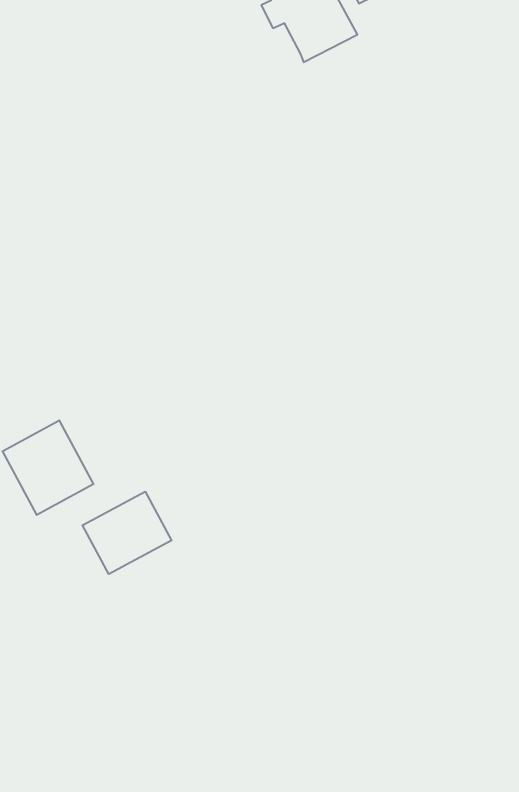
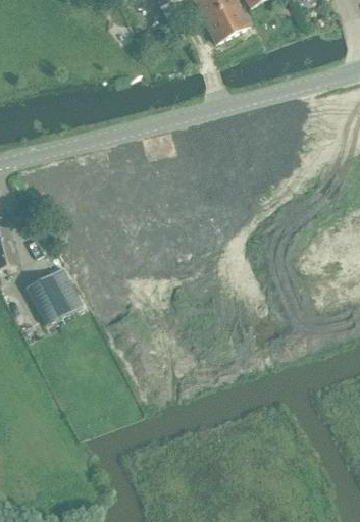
building: [83,492,171,574] -> none

